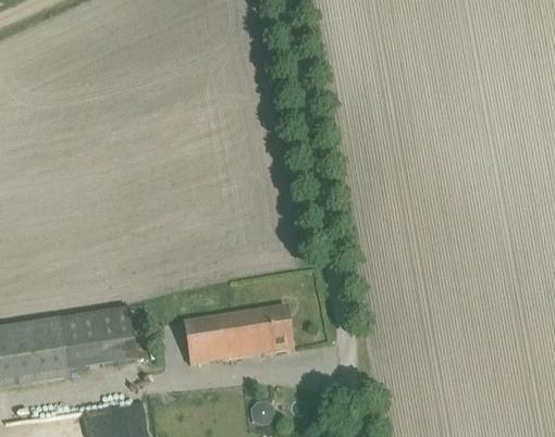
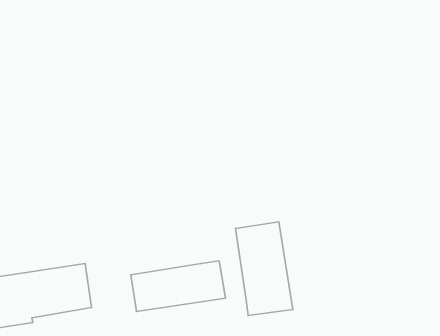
building: none -> [235,222,293,316]

